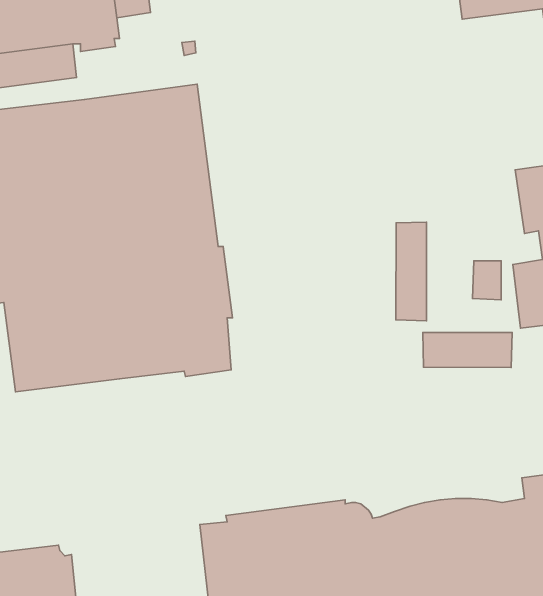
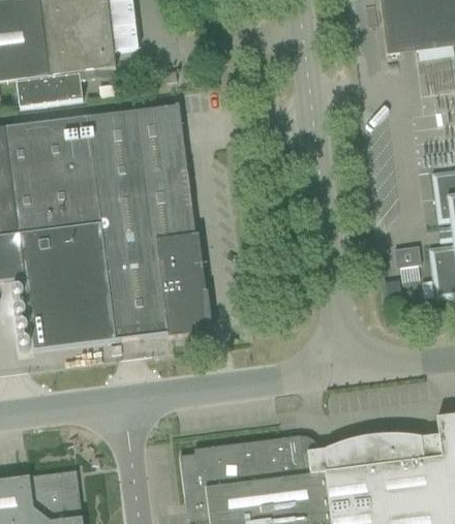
building: [396,222,427,321] -> none
building: [423,333,512,367] -> none

